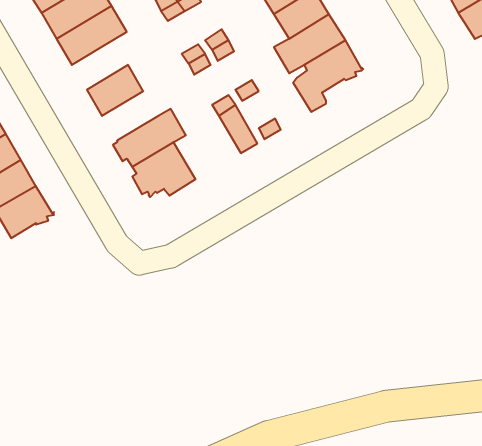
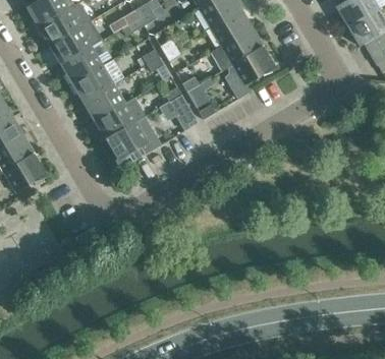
building: none -> [61,46,103,82]
building: none -> [84,83,125,120]

